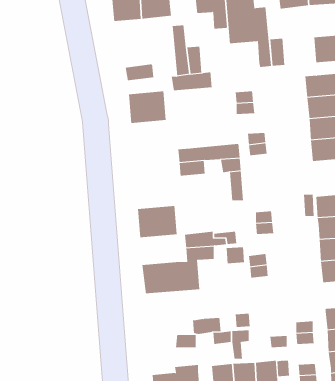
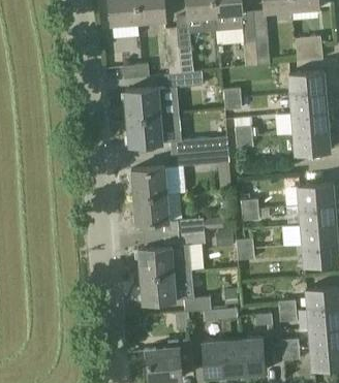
building: none -> [127,115,180,146]
building: none -> [131,167,168,197]
building: none -> [141,272,192,302]

